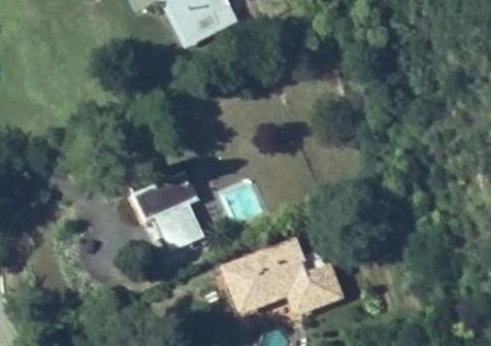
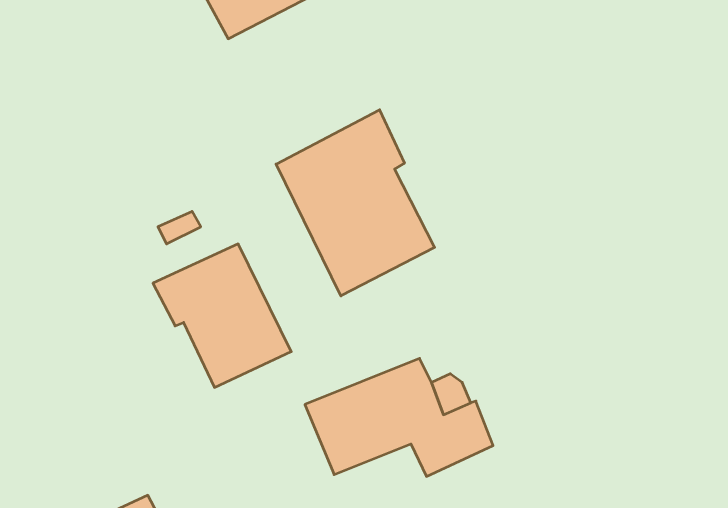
building: none -> [276,110,435,296]

